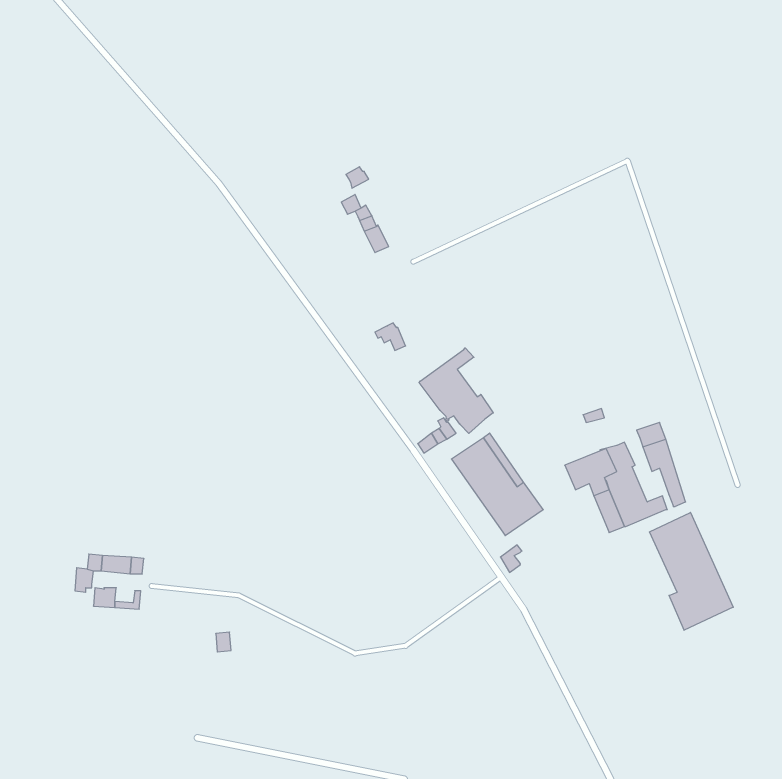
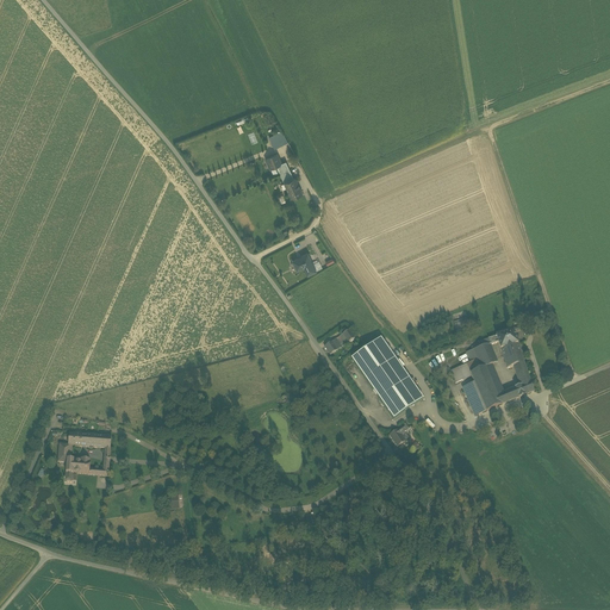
building: [419,348,493,433] -> none
building: [650,512,733,630] -> none

